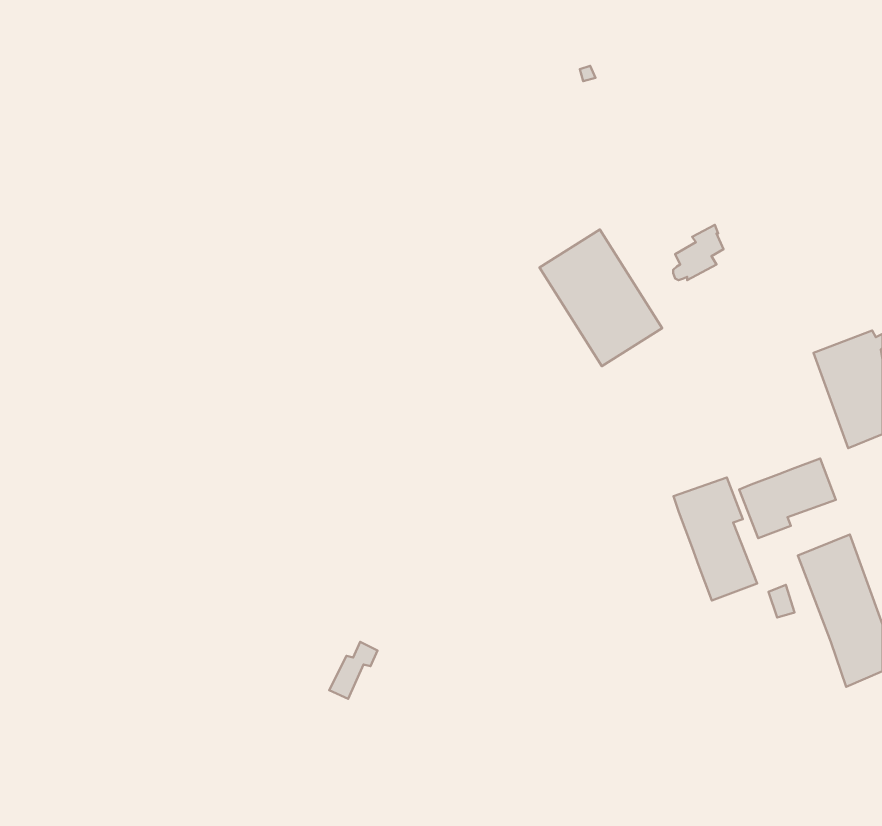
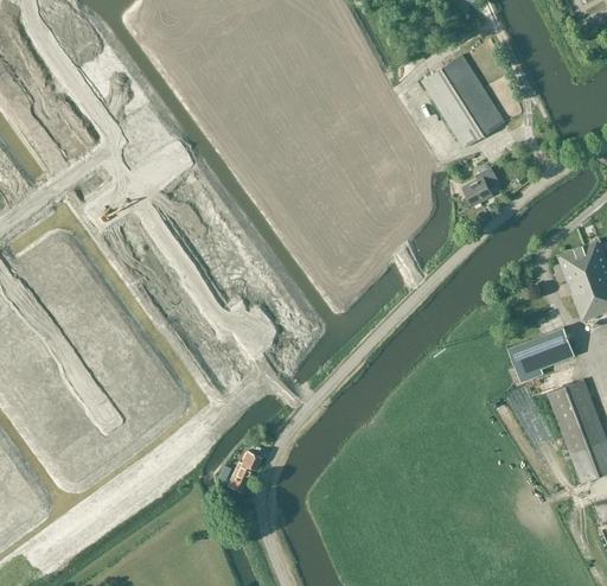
building: [539,229,662,366] -> [421,55,505,148]
building: [674,477,757,600] -> none

